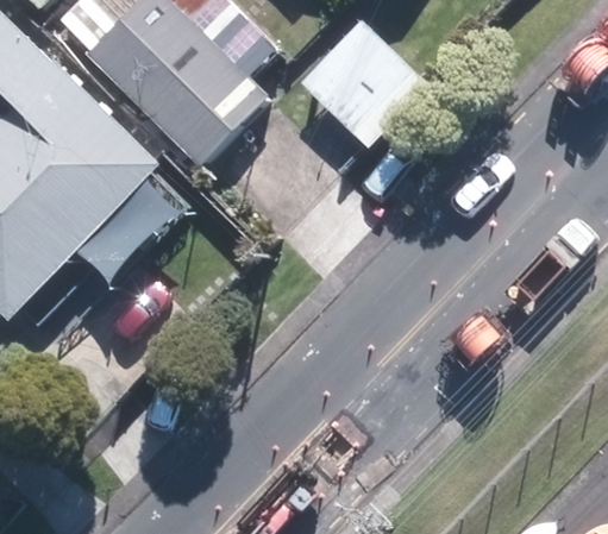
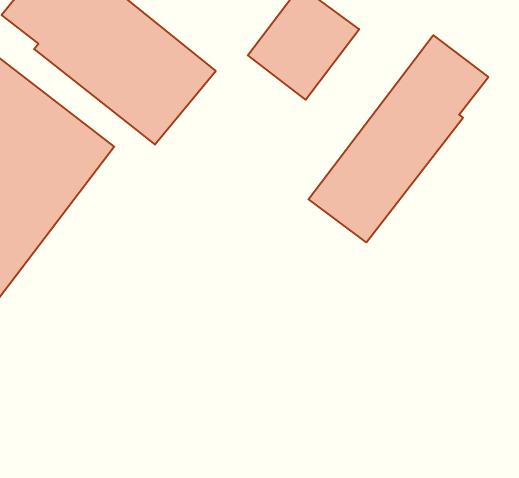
building: none -> [308,35,488,242]

